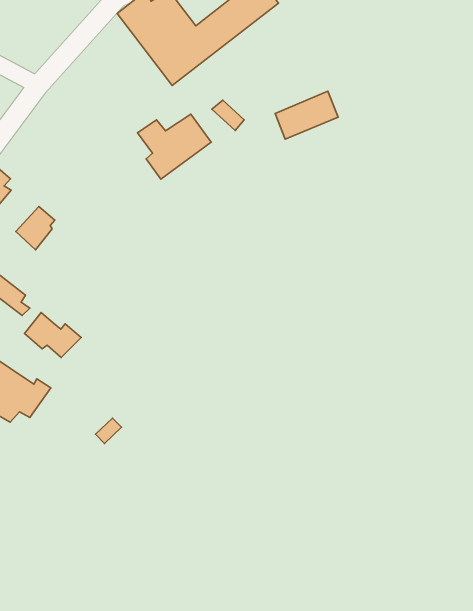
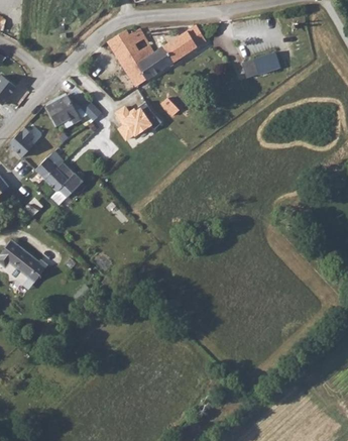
building: [275,91,338,139] -> [242,53,280,81]
building: none -> [46,90,101,127]
building: [25,312,81,357] -> [46,169,81,197]

